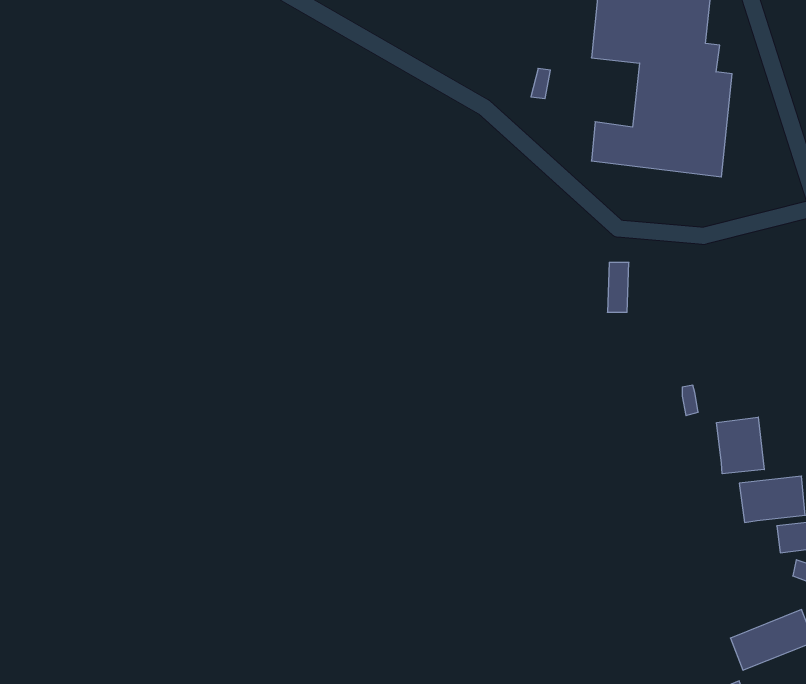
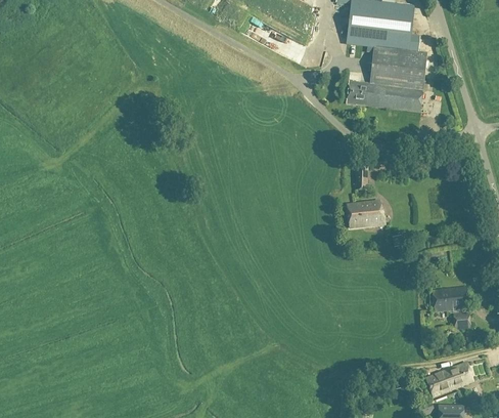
building: none -> [346,200,384,227]
building: [717,417,764,474] -> none

